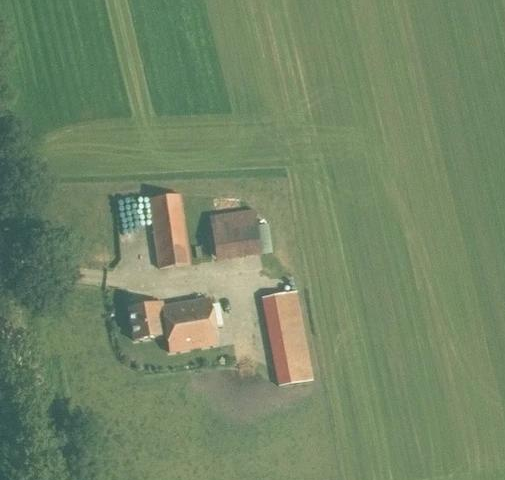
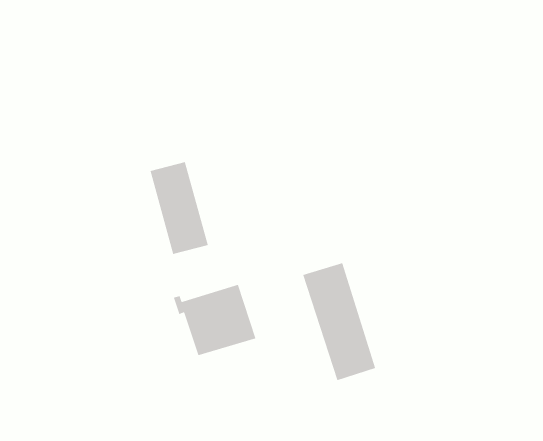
building: [210,209,260,259] -> none
building: [129,301,162,339] -> none

